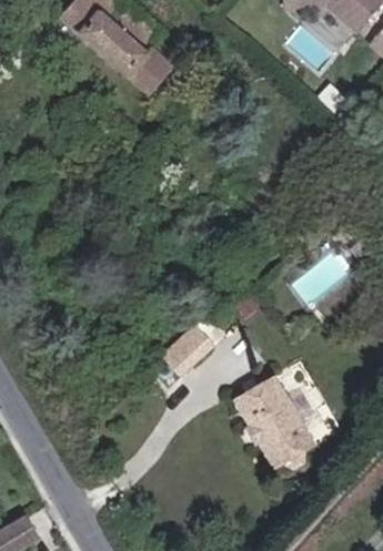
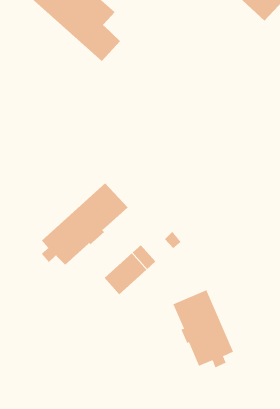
building: none -> [41,182,128,266]

